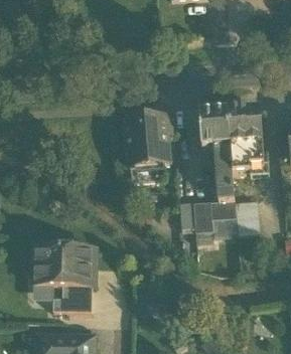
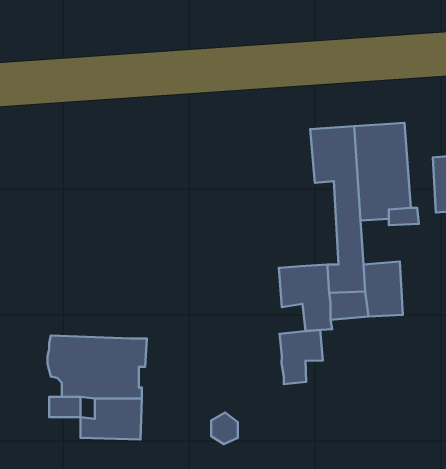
building: [126,117,170,167] -> none
building: none -> [279,330,323,384]

